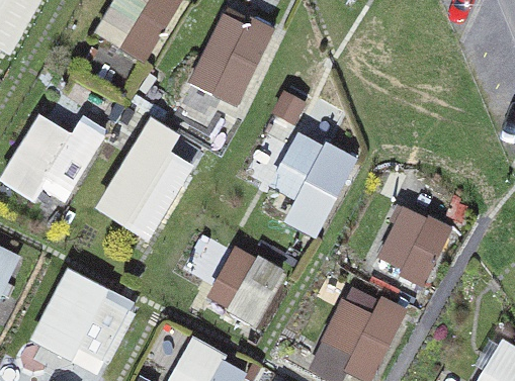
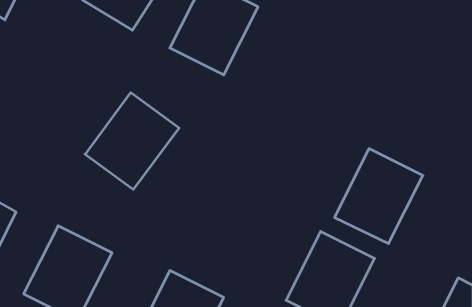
building: [6,105,101,208] -> none
building: [270,129,358,217] -> none
building: [200,245,288,332] -> none

